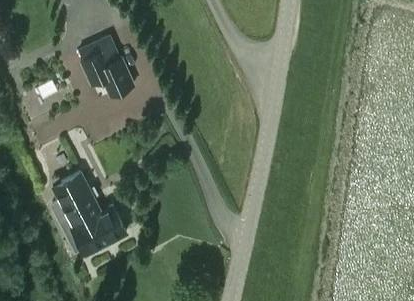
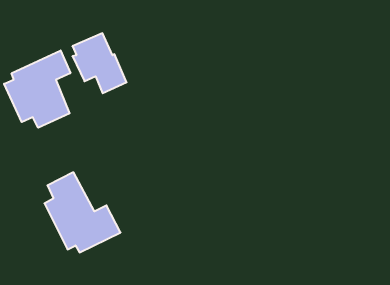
building: none -> [4,50,70,128]

